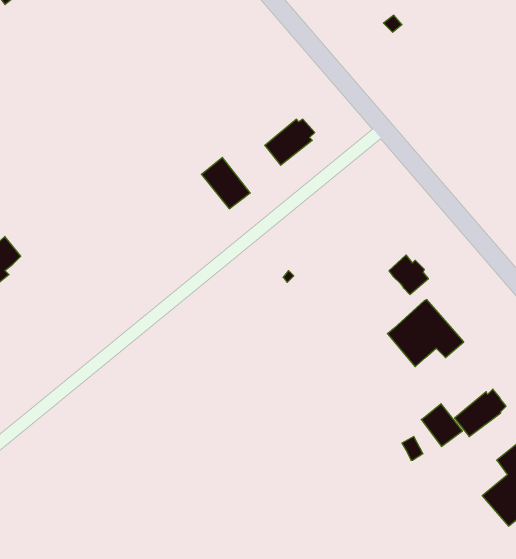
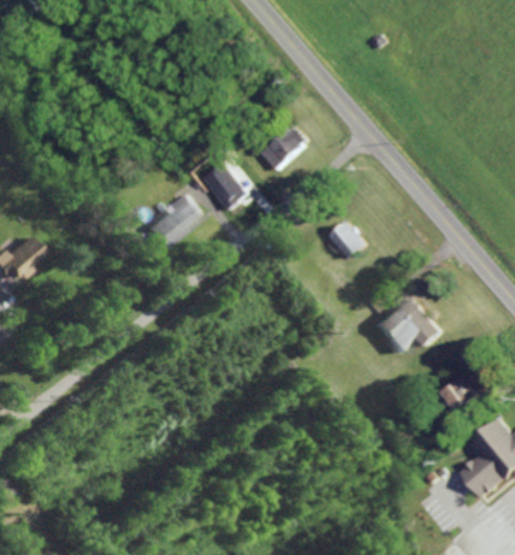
building: none -> [141,193,202,248]
building: [389,255,428,294] -> [328,222,365,258]
building: [421,404,462,447] -> none

